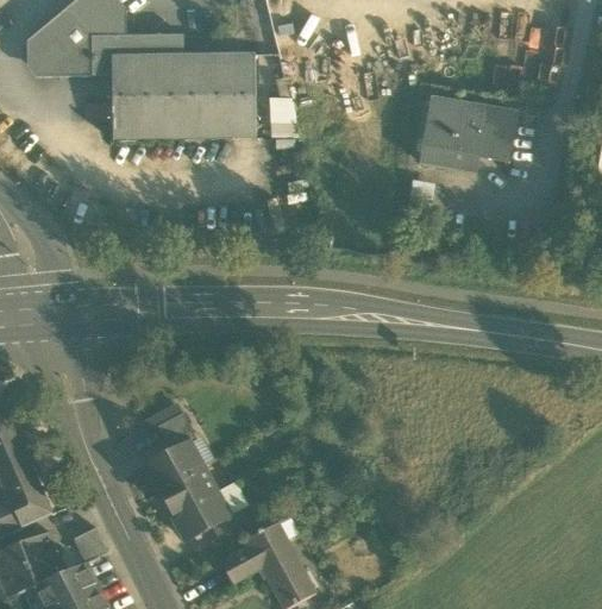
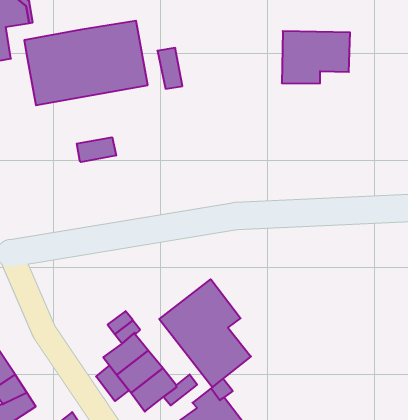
building: [90,33,182,75] -> none
building: none -> [77,137,116,162]
building: none -> [159,279,251,387]
building: none -> [96,365,128,401]

